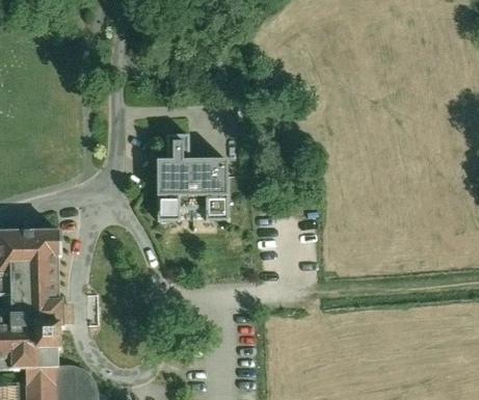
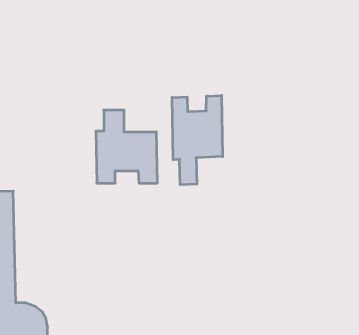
building: none -> [172,95,223,185]

